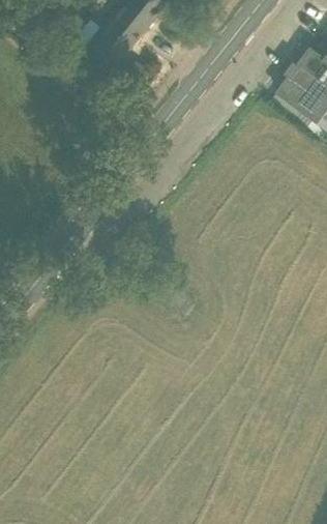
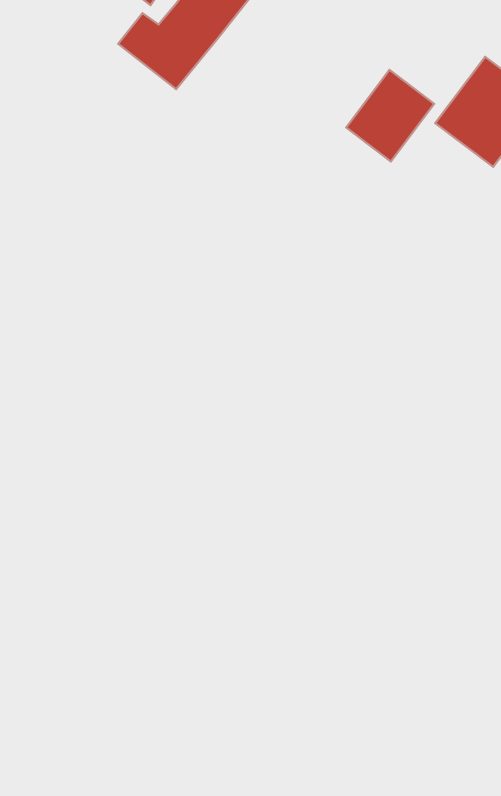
building: none -> [346,70,434,161]

